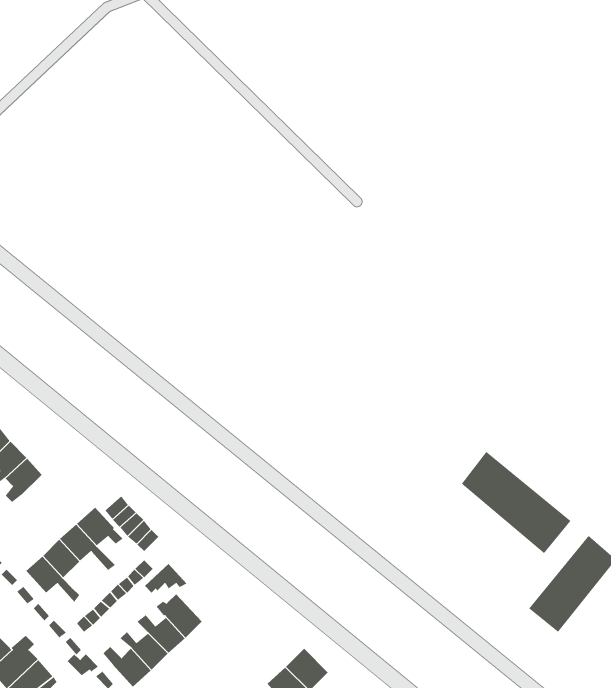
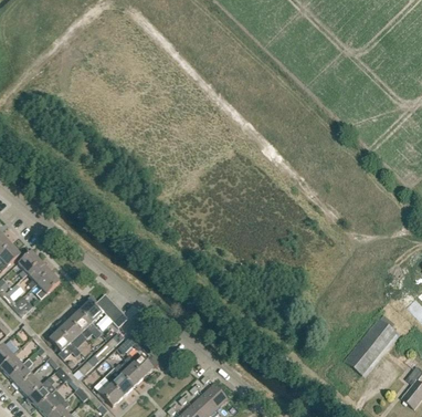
building: [461,451,572,554] -> none

